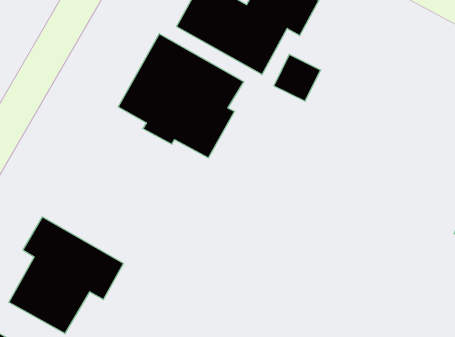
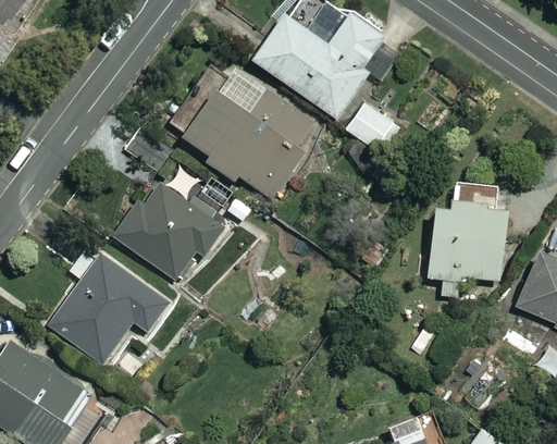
building: none -> [428,181,509,298]
building: none -> [113,165,222,281]

